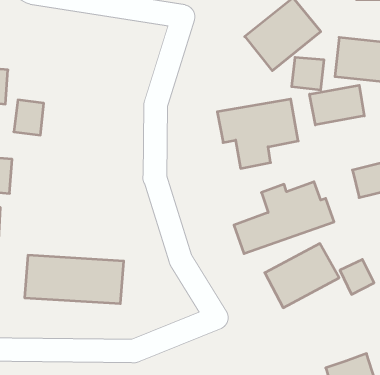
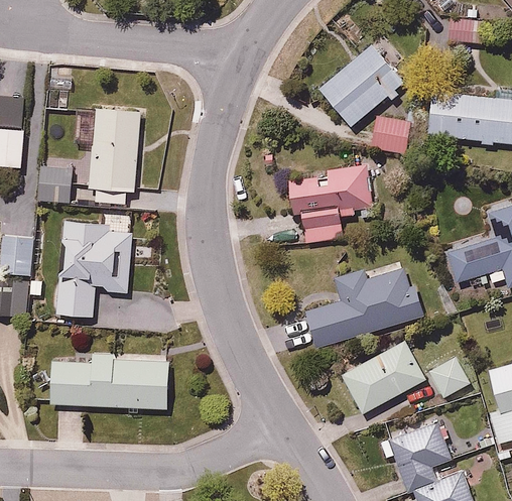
building: none -> [89,106,142,193]
building: [310,85,364,125] -> none
building: none -> [55,219,136,319]
building: none -> [380,416,454,490]

